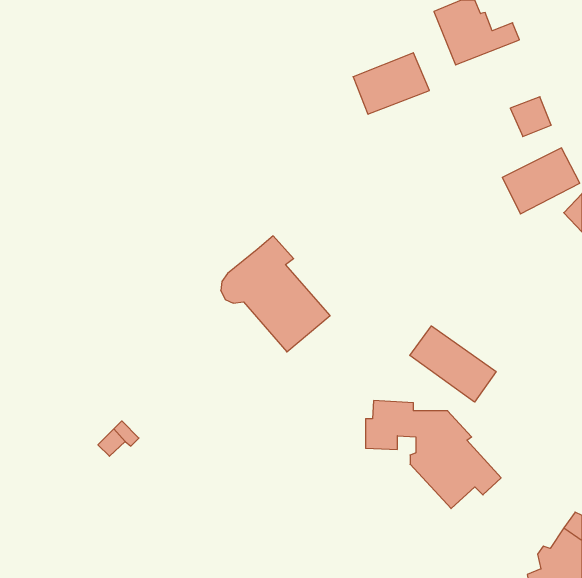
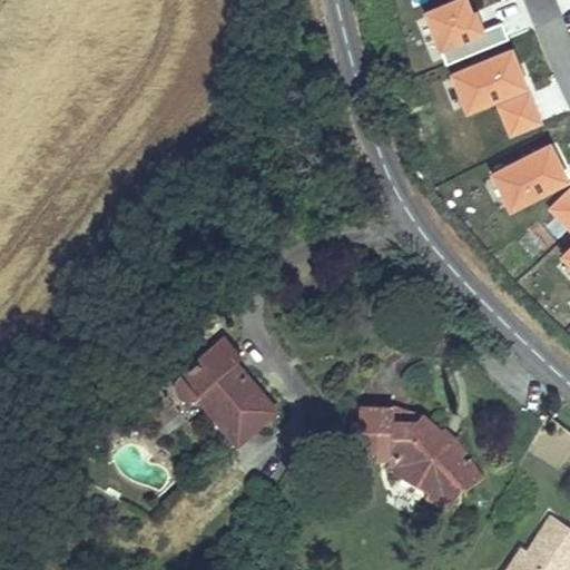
building: [353,53,429,114] -> [451,53,525,114]
building: [221,236,330,352] -> [173,335,279,449]
building: [410,326,496,402] -> none

